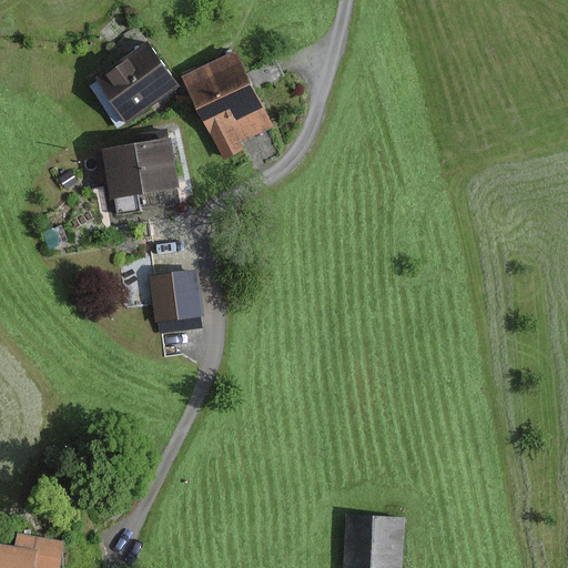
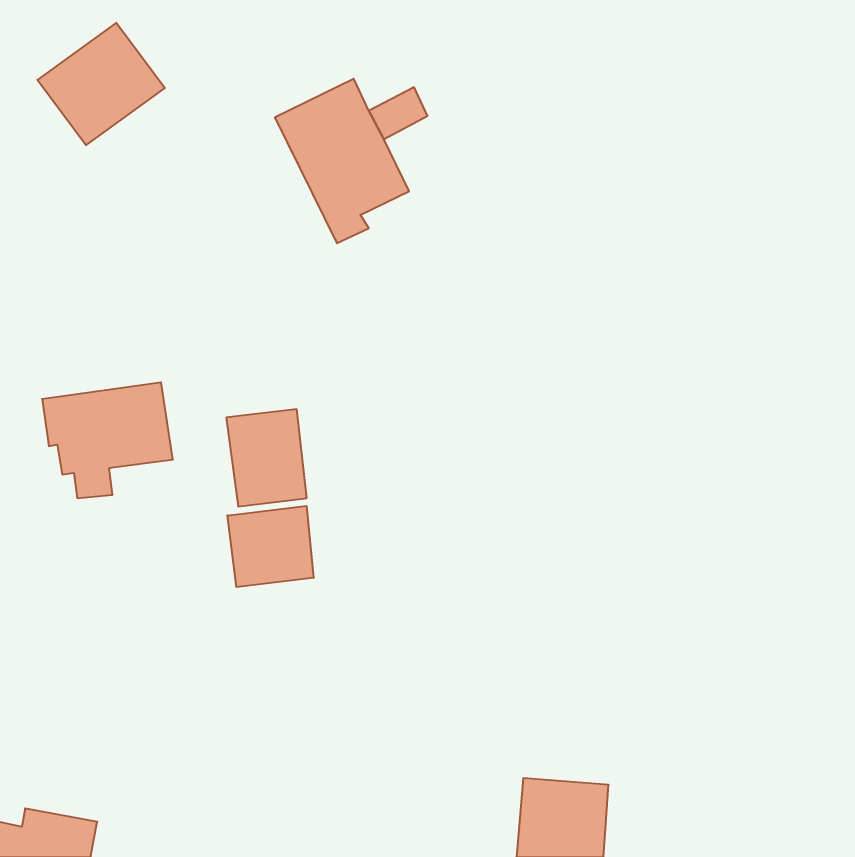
building: [93,43,178,124] -> [37,23,165,145]
building: [92,138,179,214] -> [42,382,173,498]
building: none -> [227,506,314,587]

